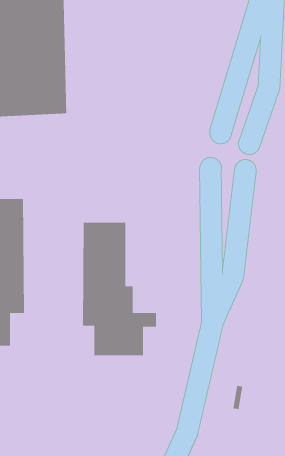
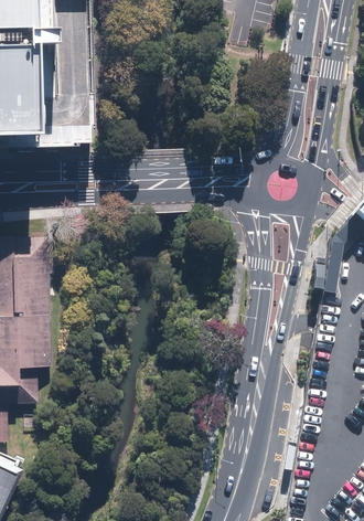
building: [82,222,157,356] -> none

